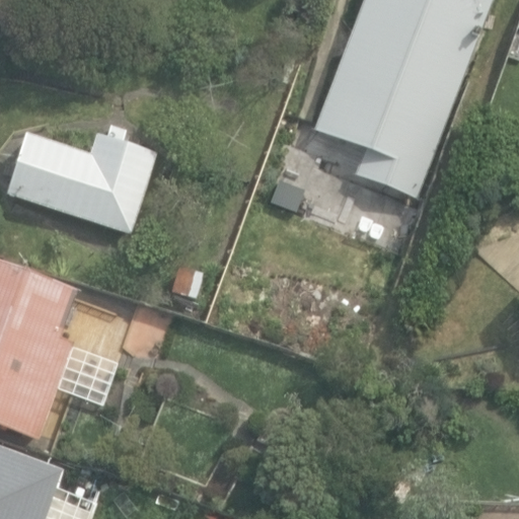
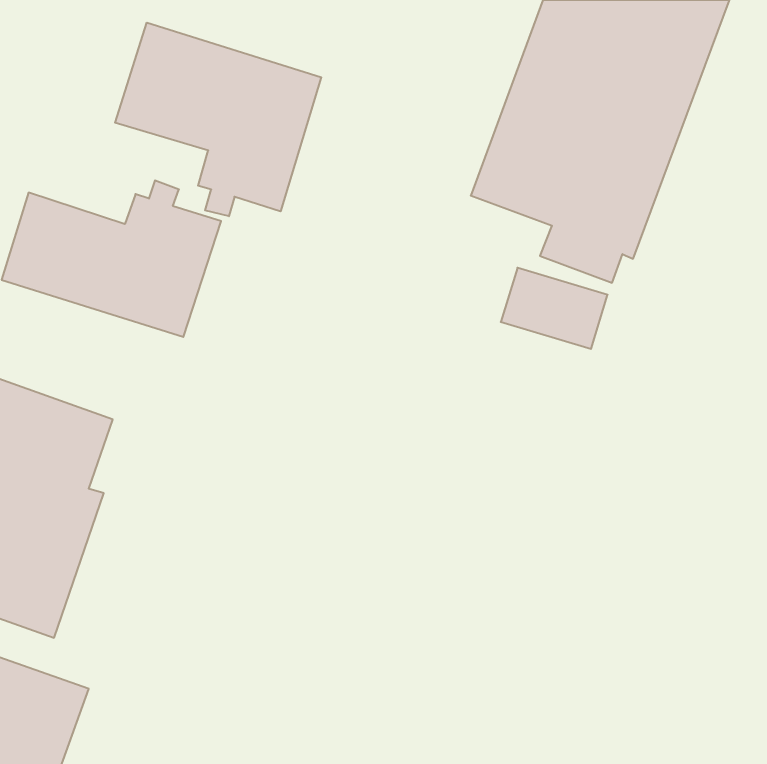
building: none -> [115,23,321,216]

